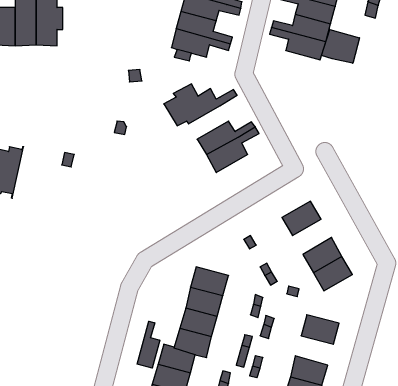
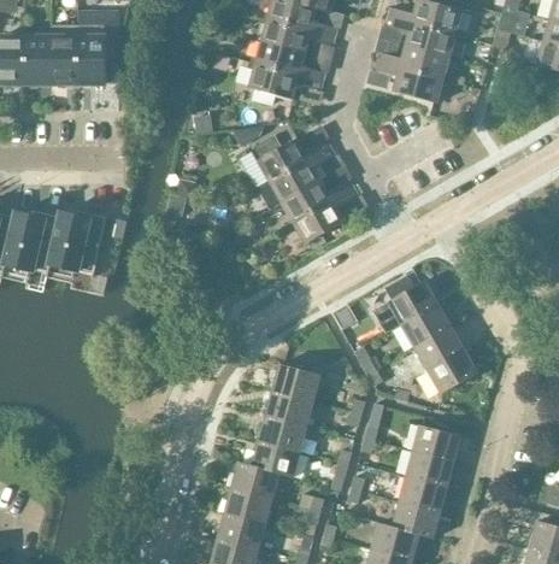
building: [322,29,359,63] -> none
building: none -> [270,147,335,202]
building: none -> [47,212,106,277]
building: none -> [401,304,451,348]
building: [137,321,160,368] -> none
building: none -> [405,451,453,488]

